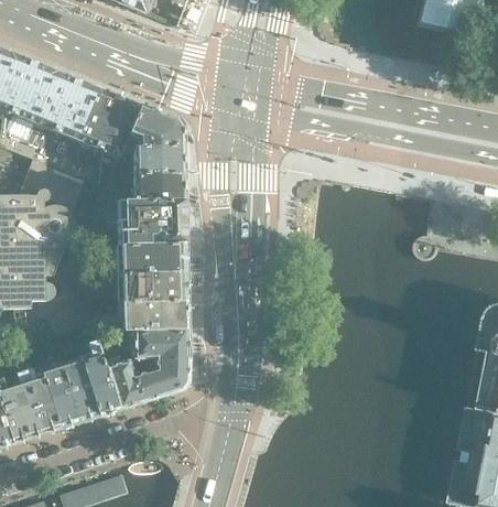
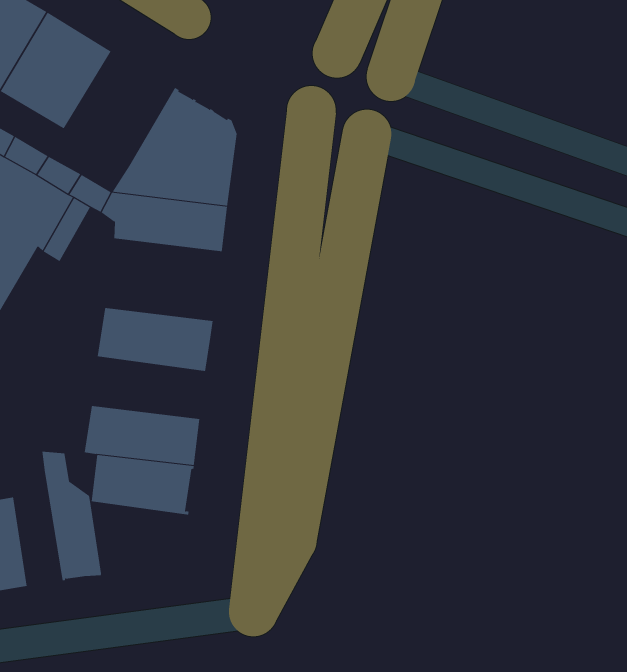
building: [77,87,139,154] -> none
building: [117,197,184,241] -> none
building: [118,270,185,301] -> none
building: [82,344,118,414] -> none
building: [128,357,187,400] -> none

